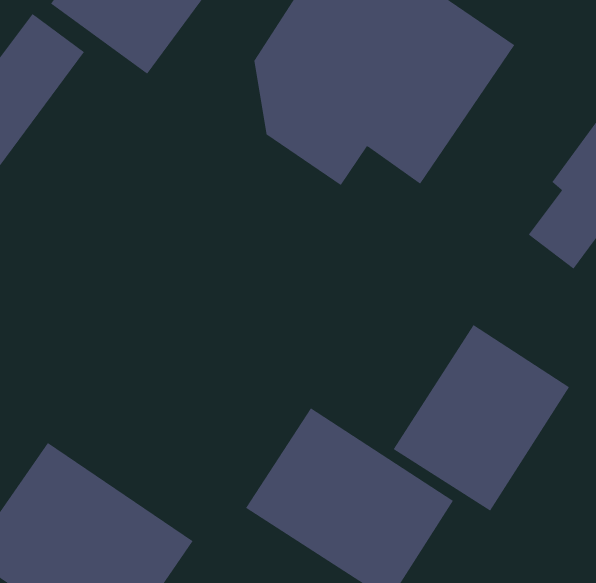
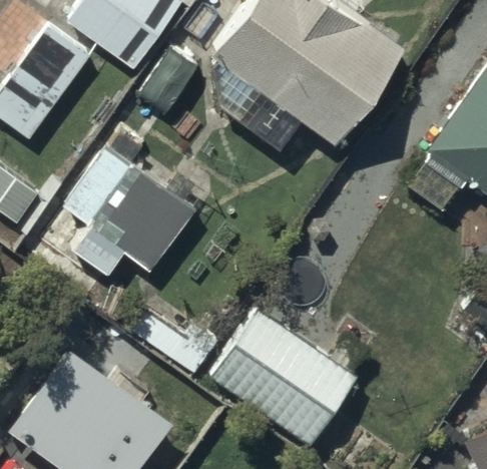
building: none -> [64,148,193,283]
building: [393,324,570,511] -> none

